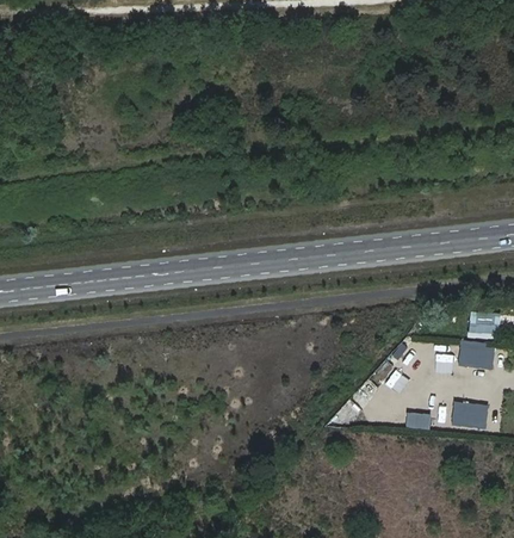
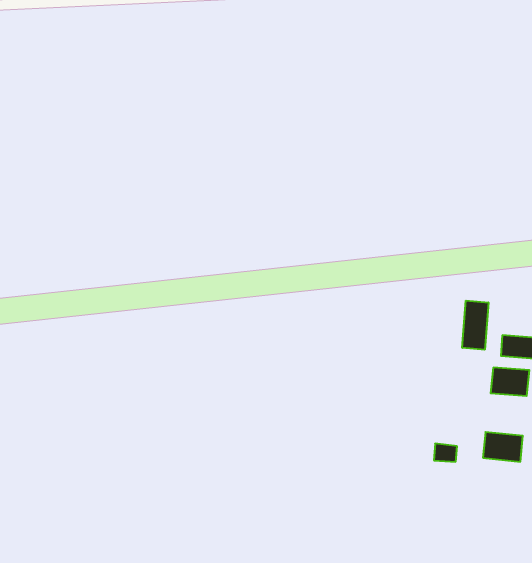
building: none -> [462,301,488,350]

